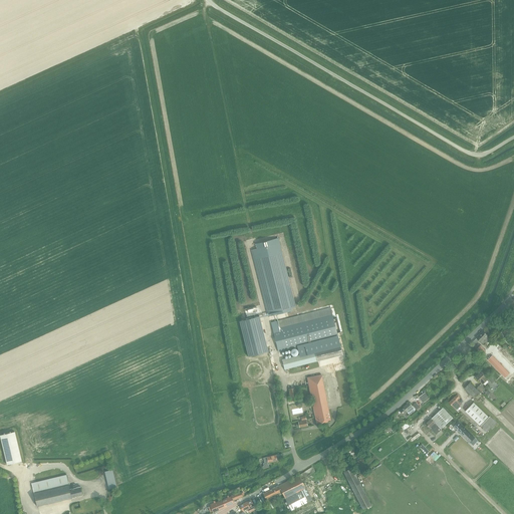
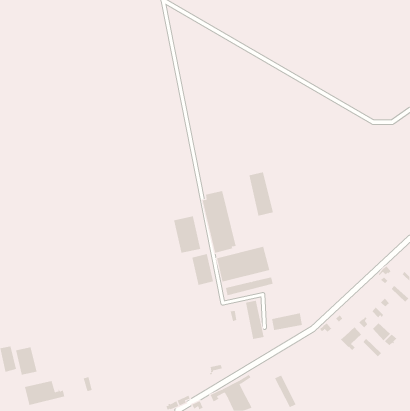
building: none -> [249,171,273,217]
building: none -> [174,216,201,253]
building: none -> [271,313,303,331]
building: none -> [15,346,37,376]

